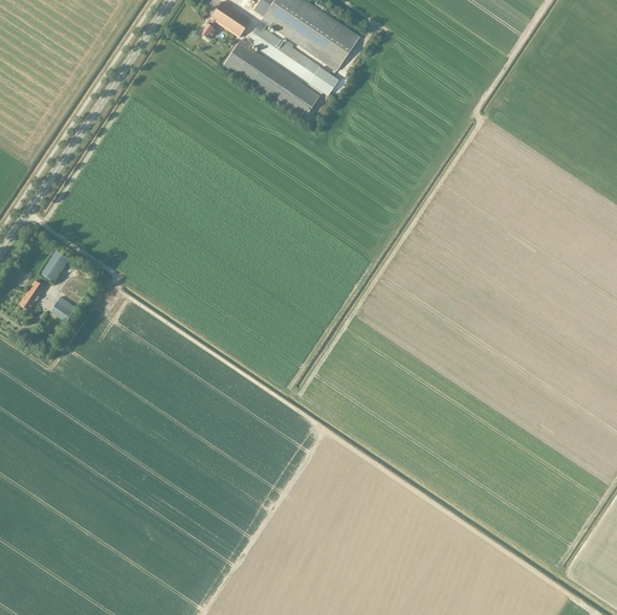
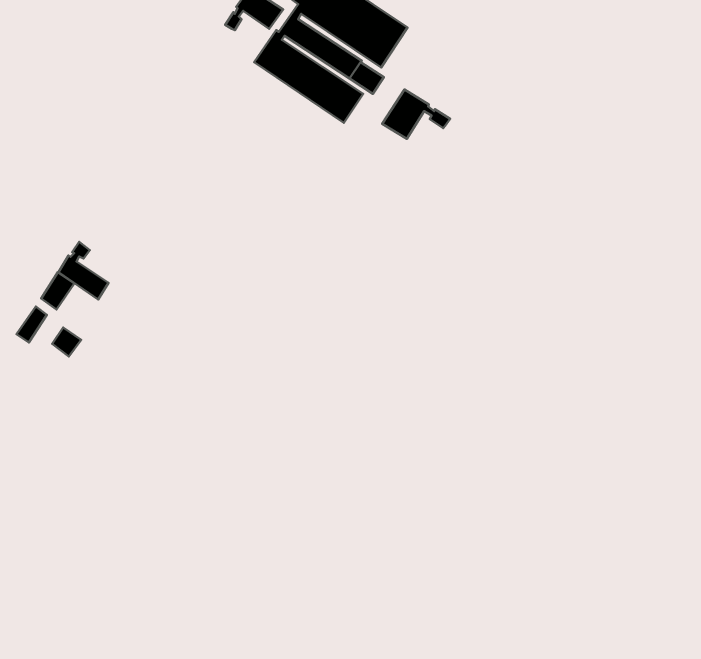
building: none -> [382,89,450,139]
building: none -> [58,242,108,300]

